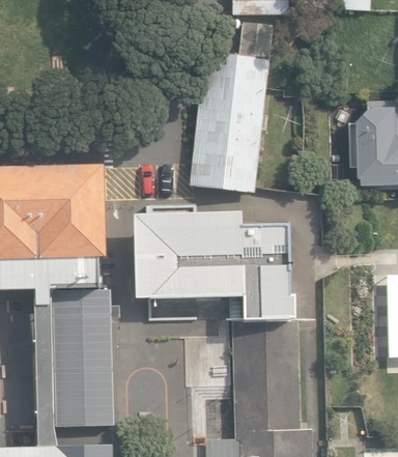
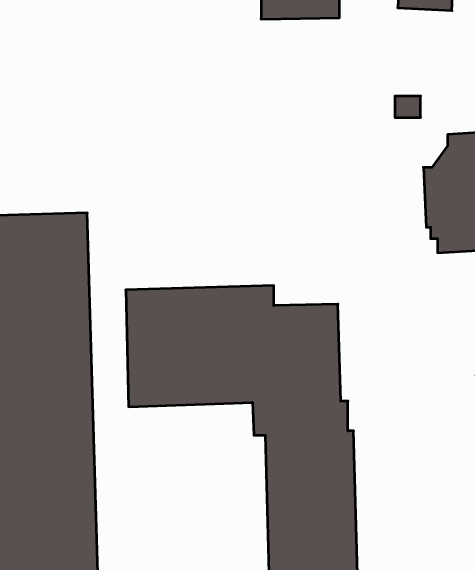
building: [190,23,274,193] -> none

